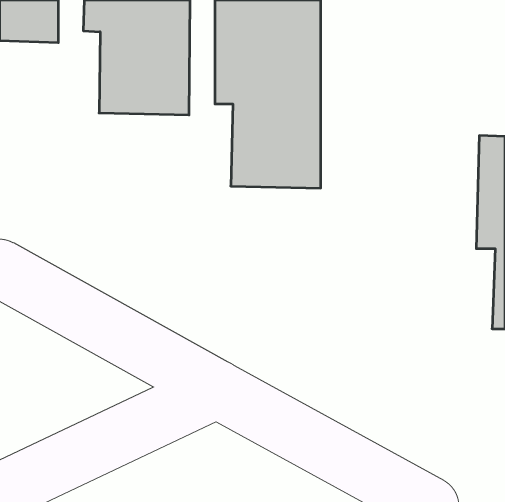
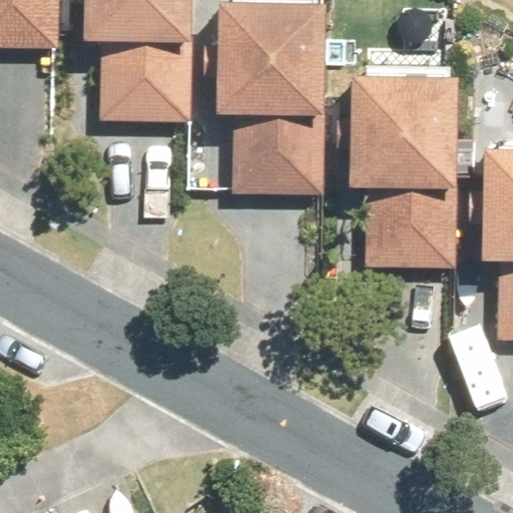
building: none -> [350,68,458,267]

